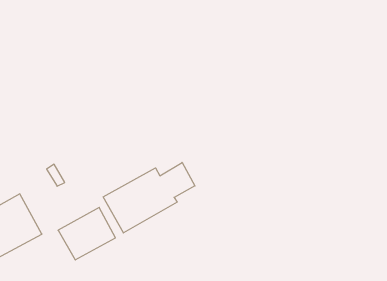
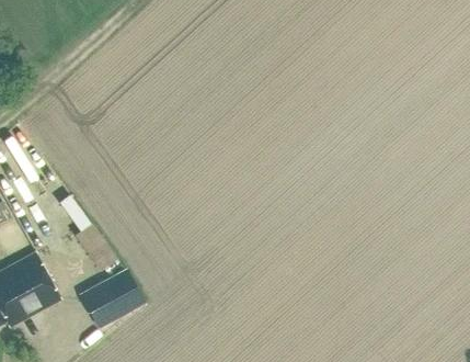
building: [103,162,195,233] -> none

